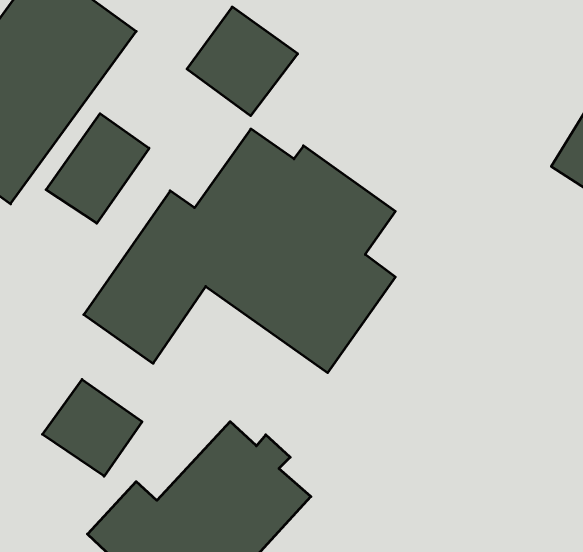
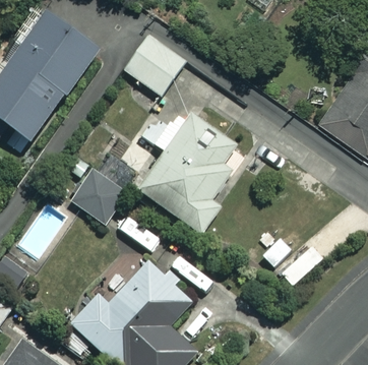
building: [46,114,149,223] -> none
building: [42,379,142,476] -> none

